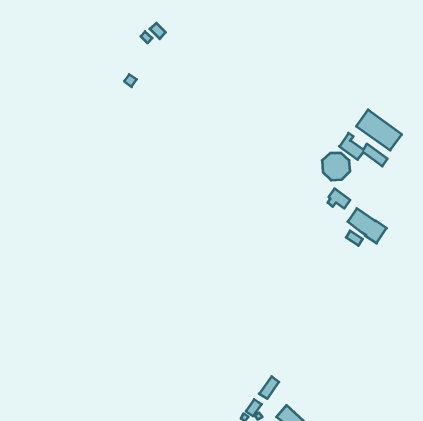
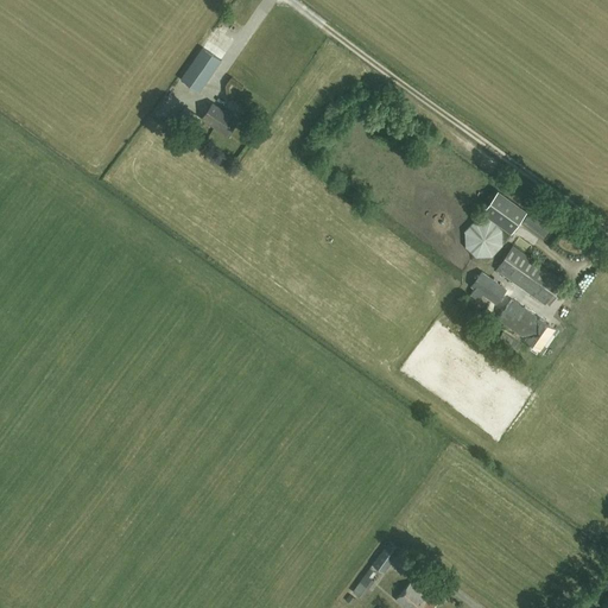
building: none -> [180,59,214,94]
building: none -> [202,106,238,137]
building: [356,110,402,150] -> [496,247,562,305]

